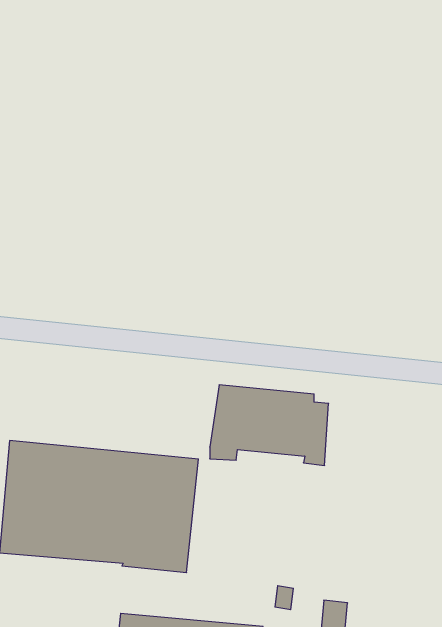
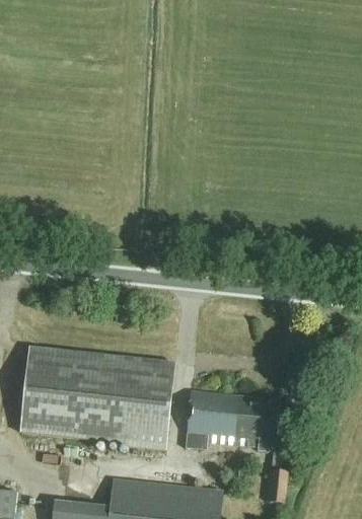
building: [210,385,329,465] -> [186,391,277,453]

